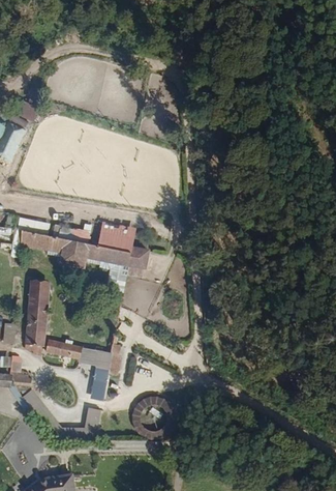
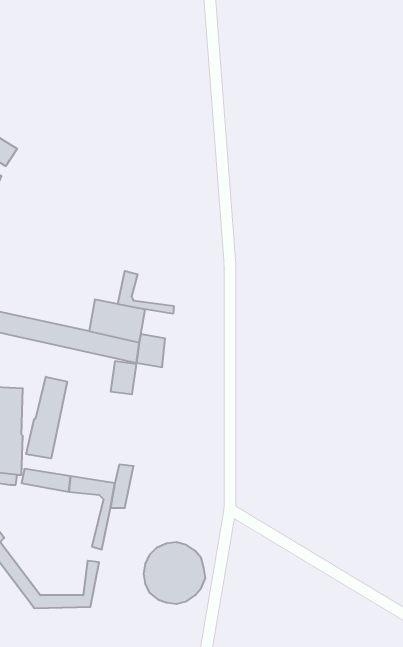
building: none -> [118,271,174,314]
building: none -> [26,377,67,458]

